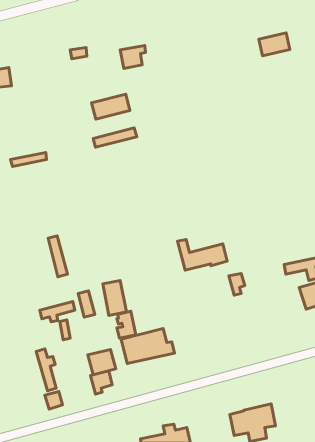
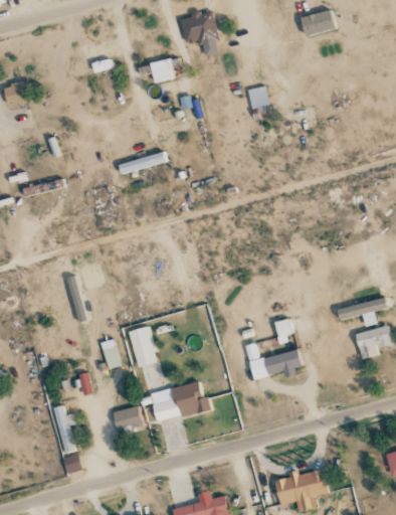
building: none -> [180,11,221,56]
building: [259,33,290,56] -> [301,10,336,36]
building: none -> [247,87,268,110]
building: [92,94,130,119] -> none
building: [177,239,227,270] -> [244,344,302,379]
building: [40,302,75,322] -> none
building: [91,371,112,394] -> none

